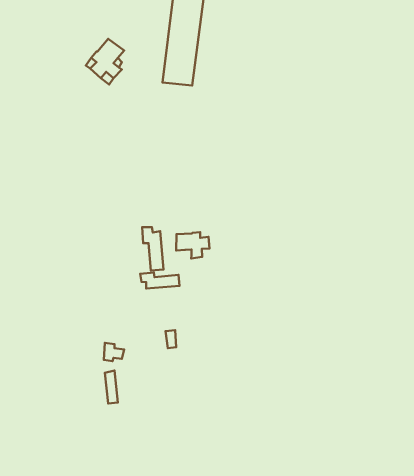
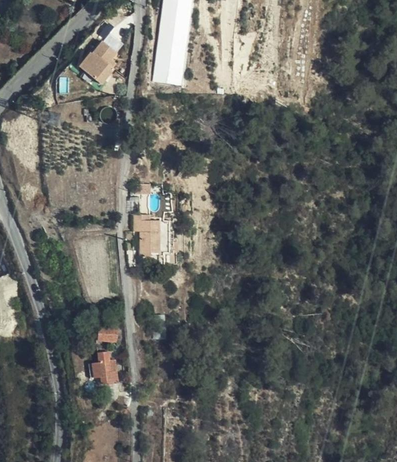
building: [176,232,209,258] -> none
building: [140,273,179,289] -> none

